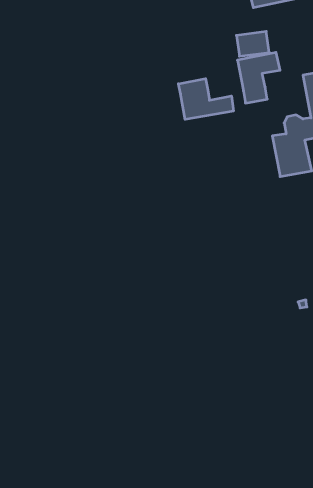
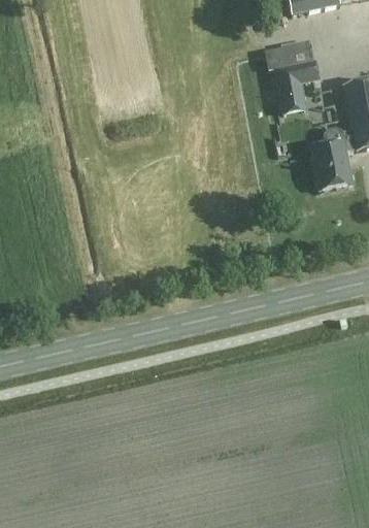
building: [178,79,233,119] -> none

